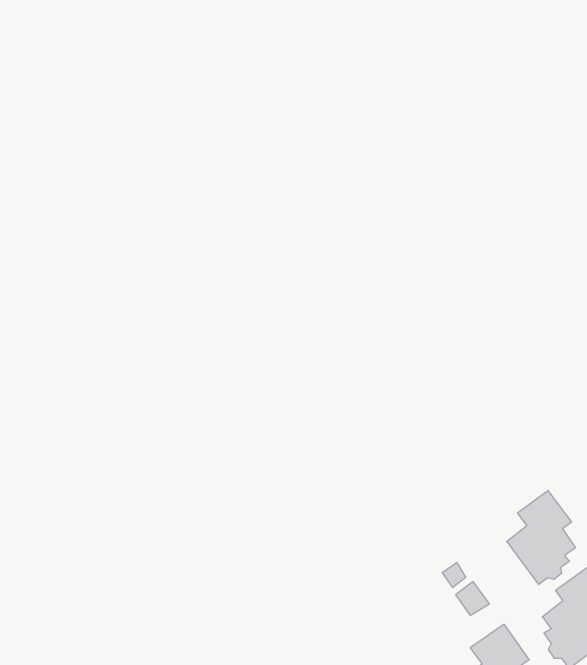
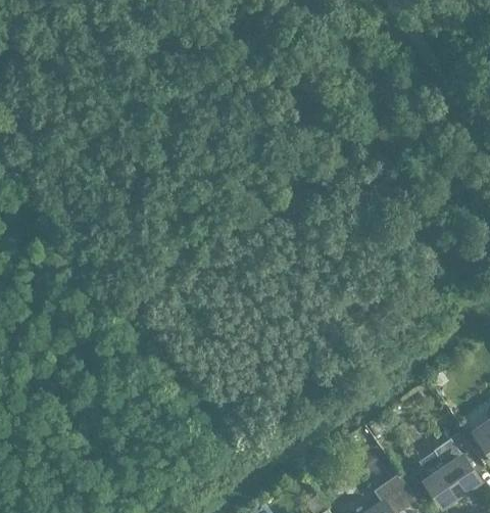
building: [507,491,575,585] -> none

